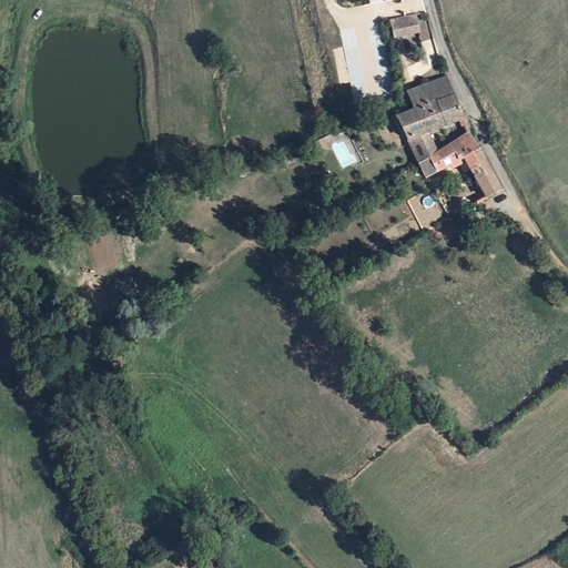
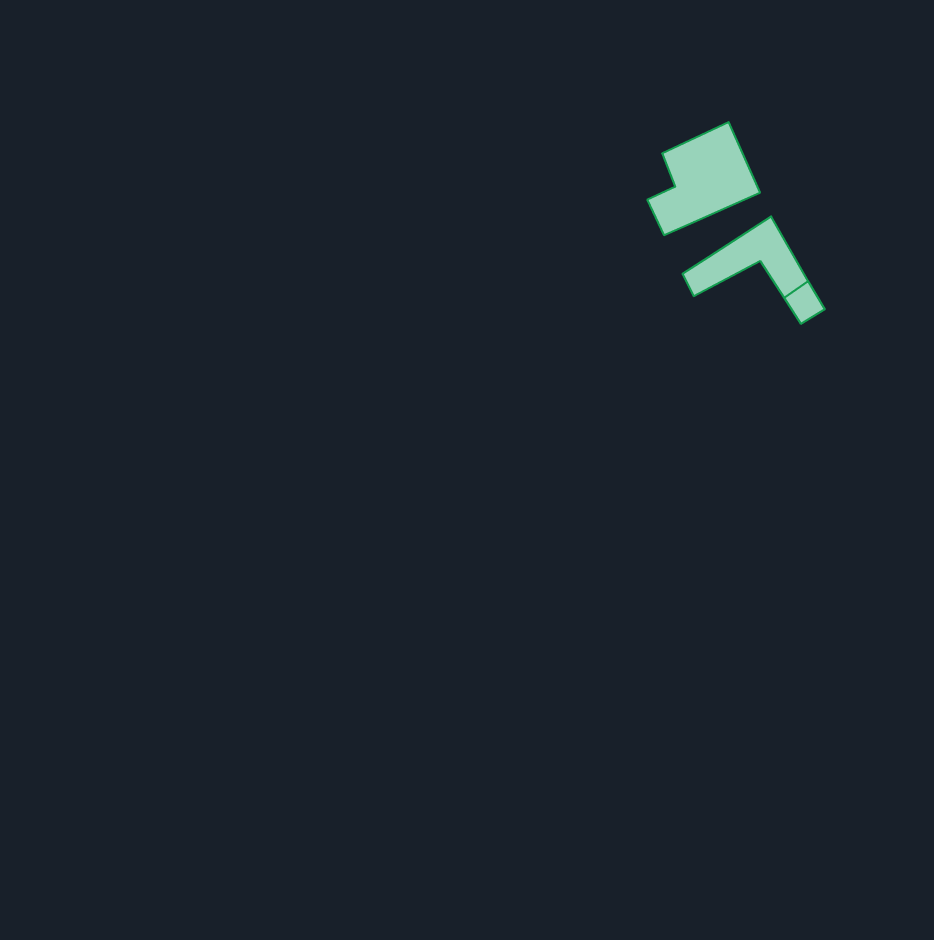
building: [396,10,427,34] -> none
building: [405,133,432,164] -> none

